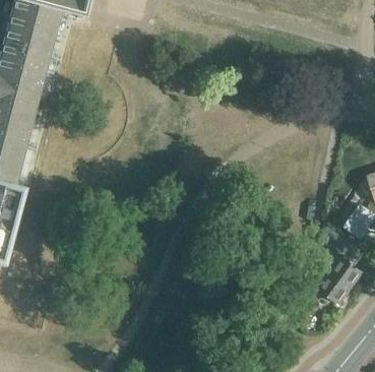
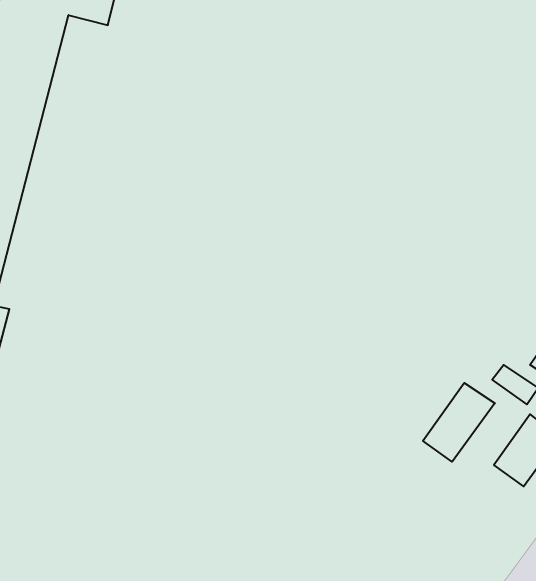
building: none -> [423,383,495,462]

